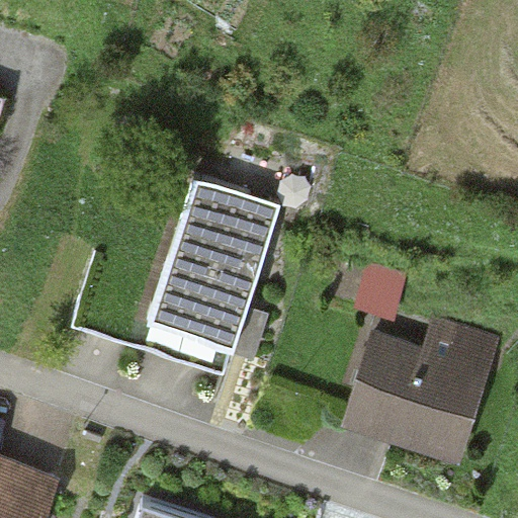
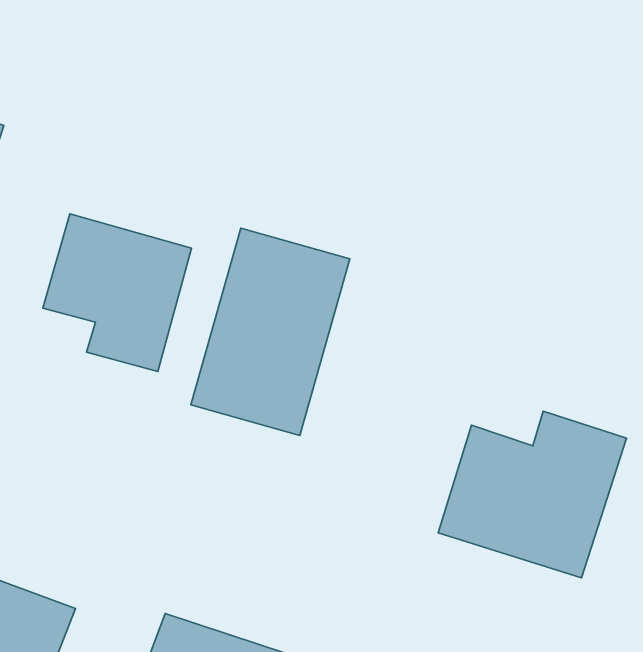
building: none -> [43,214,192,371]

